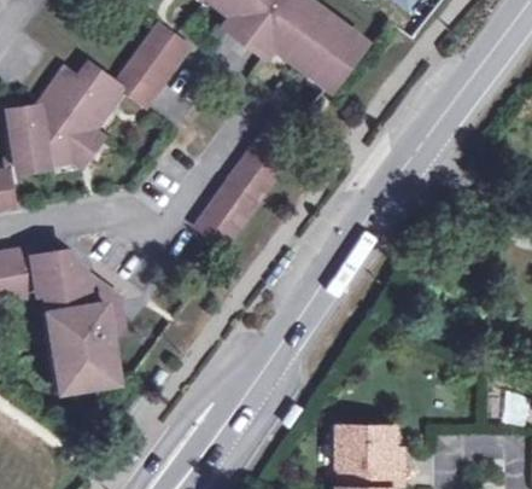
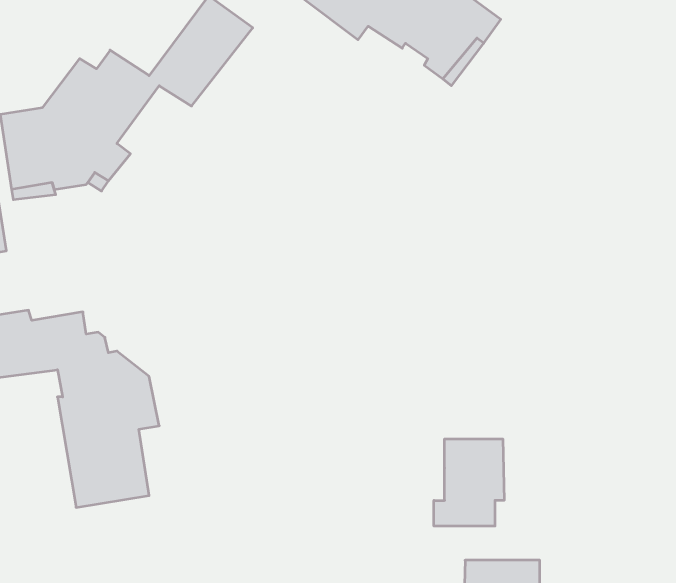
building: [195,117,302,245] -> none
building: none -> [434,439,504,526]

